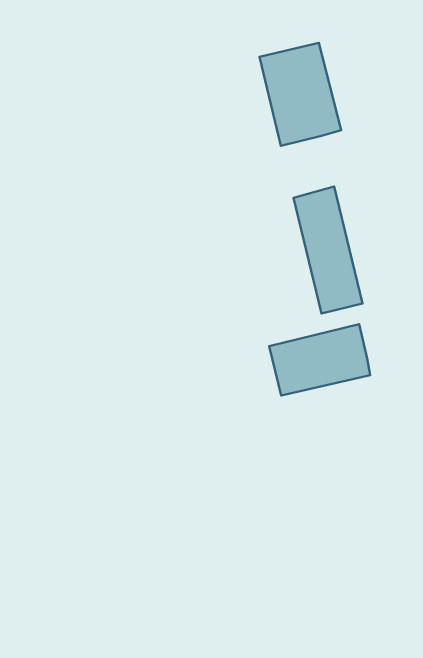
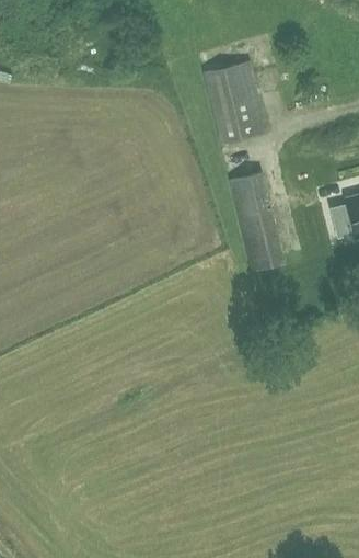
building: [269,324,370,395] -> none

